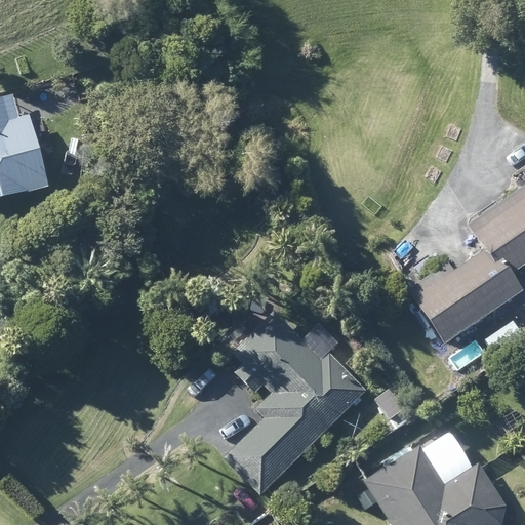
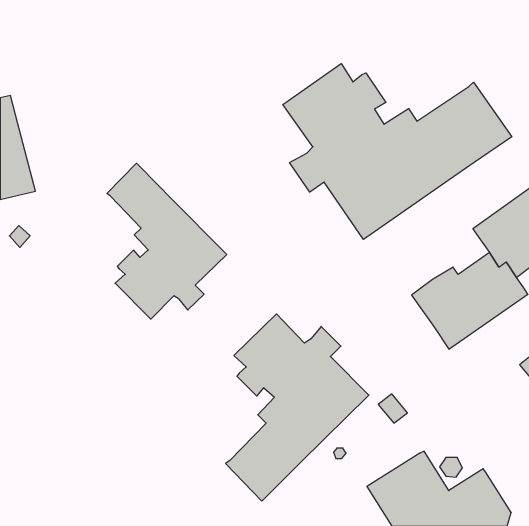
building: none -> [283,64,512,239]
building: none -> [107,163,227,319]

